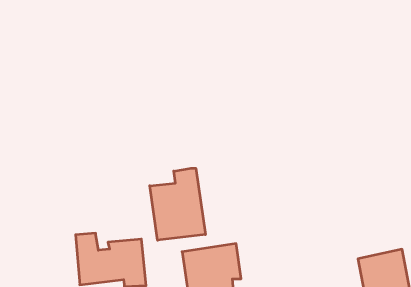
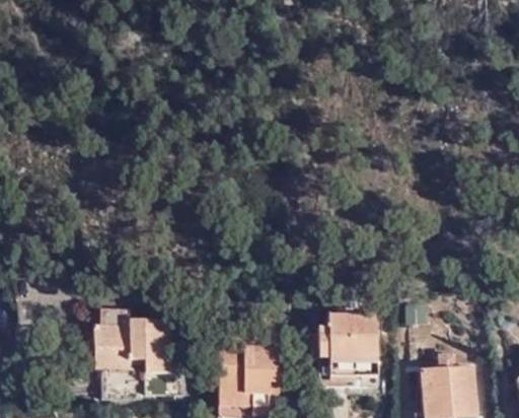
building: [150,168,205,240] -> none
building: none -> [316,314,379,387]

